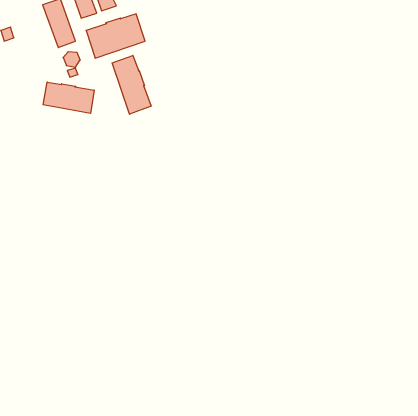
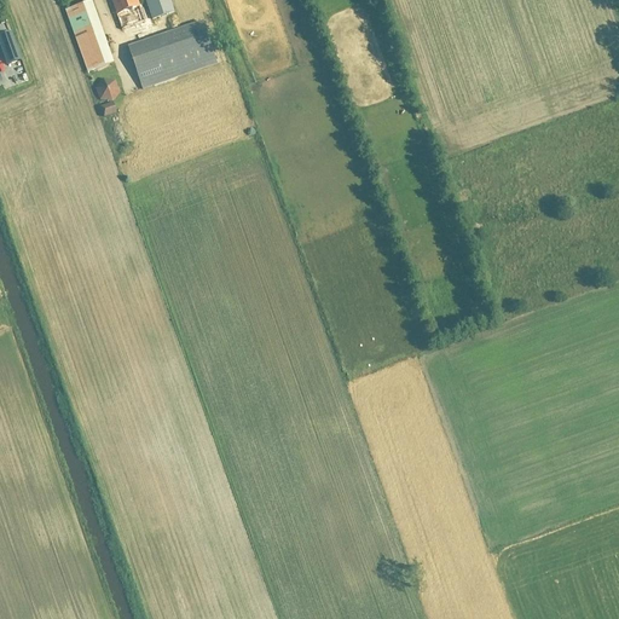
building: [112,55,151,114] -> none
building: [43,82,94,113] -> none

